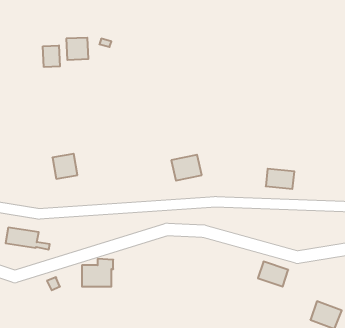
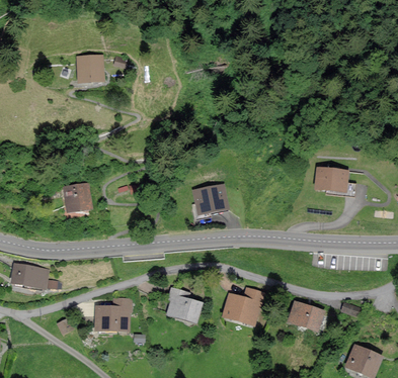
building: [43,45,60,67] -> none
building: [266,169,294,189] -> [315,168,346,190]
building: none -> [168,289,201,321]
building: none -> [223,289,262,324]

